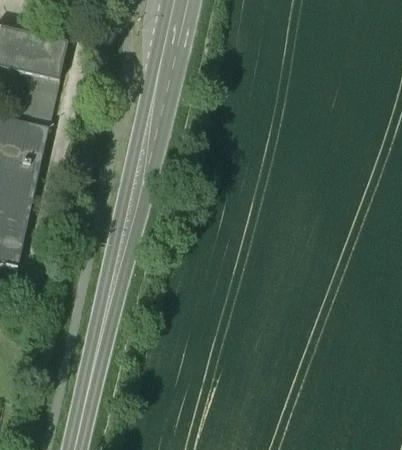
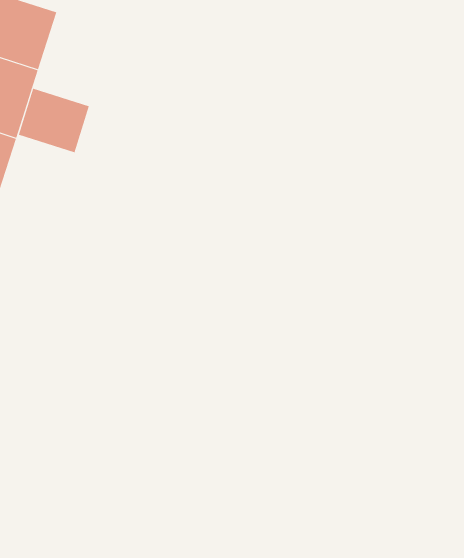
building: none -> [18,88,89,153]

